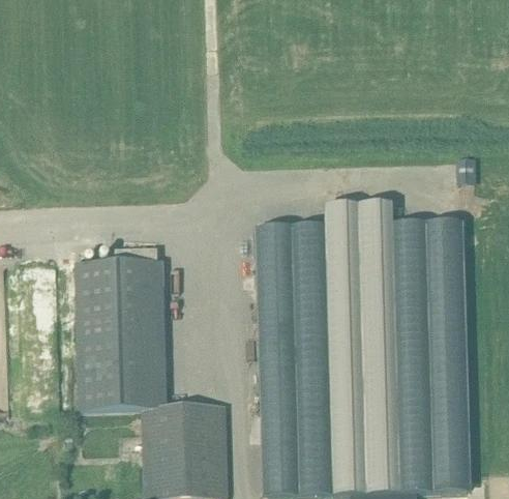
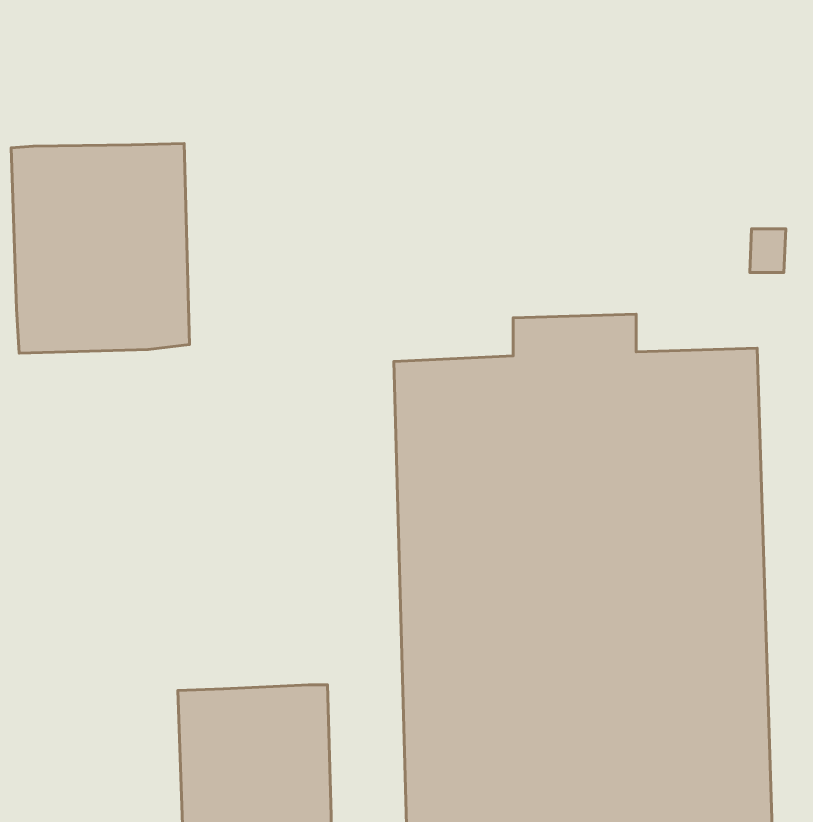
building: none -> [11,144,190,353]
building: [74,258,167,407] -> none

